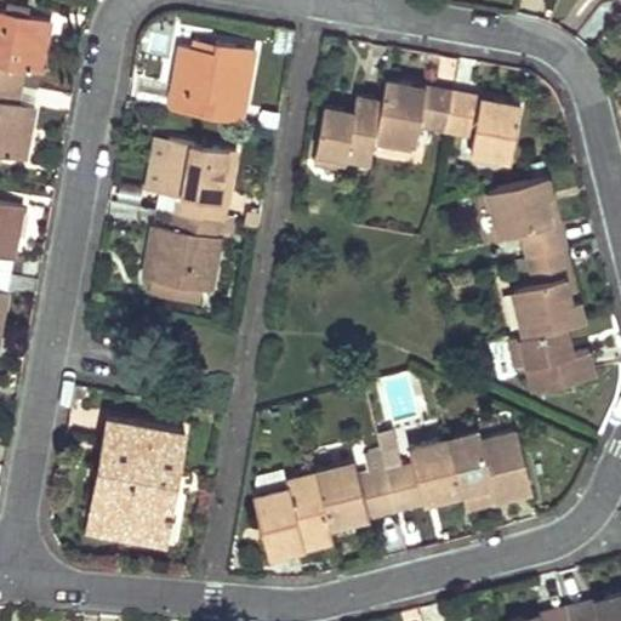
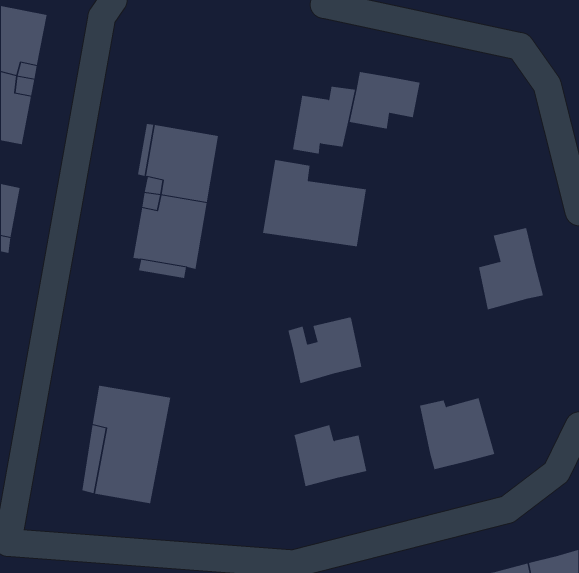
building: [169,44,252,125] -> none
building: [443,95,518,163] -> none
building: none -> [263,159,367,247]
building: [486,177,564,258] -> none
building: [495,326,593,393] -> none
building: [380,439,460,511] -> [287,317,362,384]
building: [251,475,331,559] -> none

